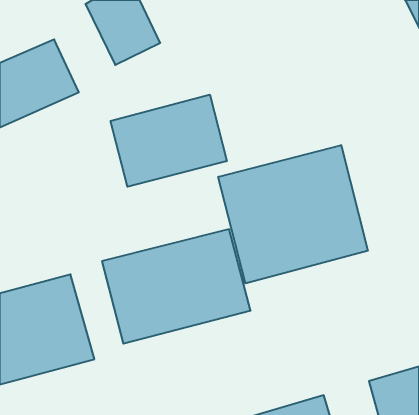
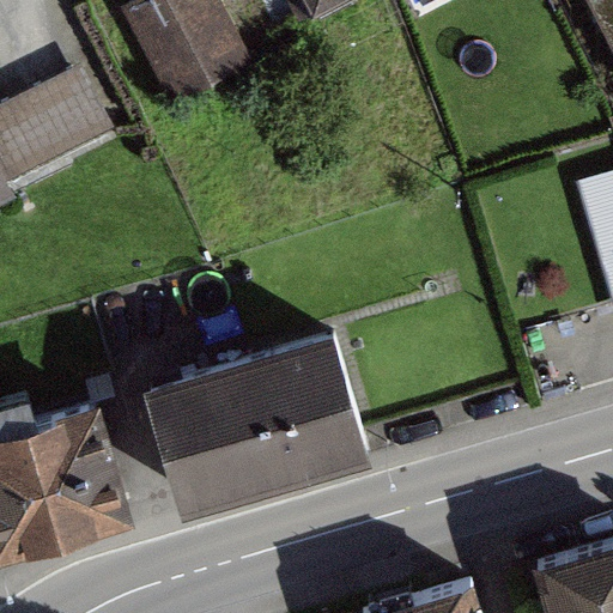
building: [111,95,227,187] -> none
building: [218,145,368,283] -> none

